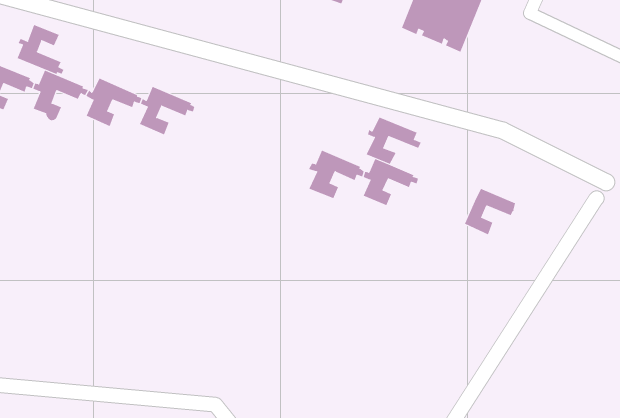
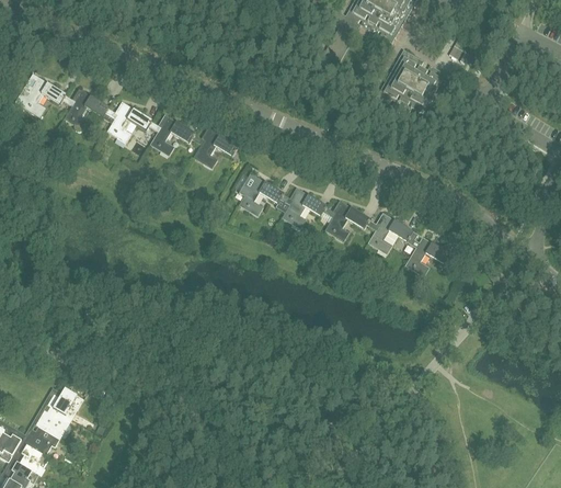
building: [17,24,64,75] -> none
building: none -> [193,126,238,168]
building: [366,117,422,164] -> [367,212,414,252]
building: none -> [238,171,286,215]

